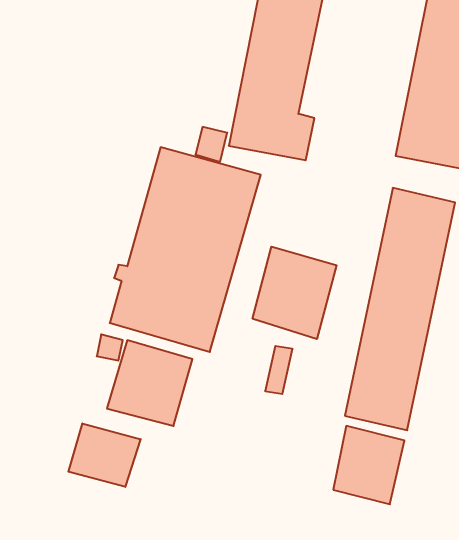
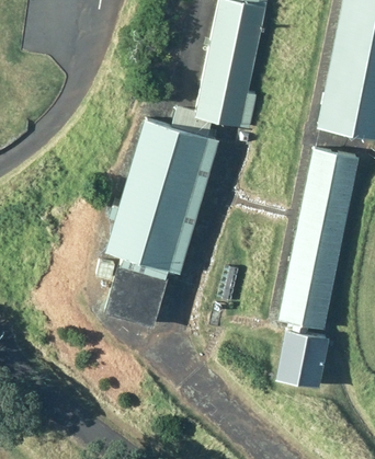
building: [253,247,337,339] -> none
building: [68,423,141,487] -> none

